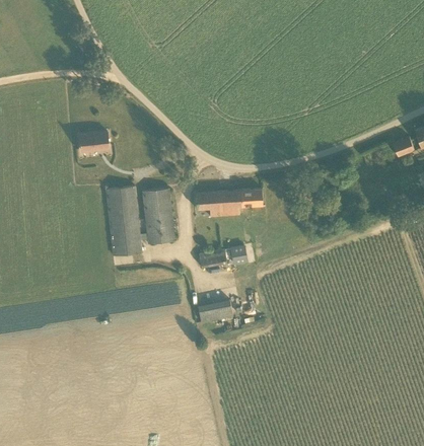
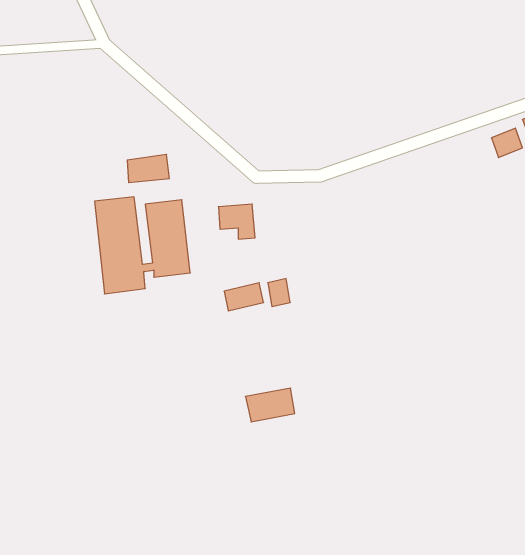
building: [78,131,109,151] -> [127,154,169,183]
building: [219,188,262,215] -> none
building: [197,298,232,322] -> [245,388,295,422]

